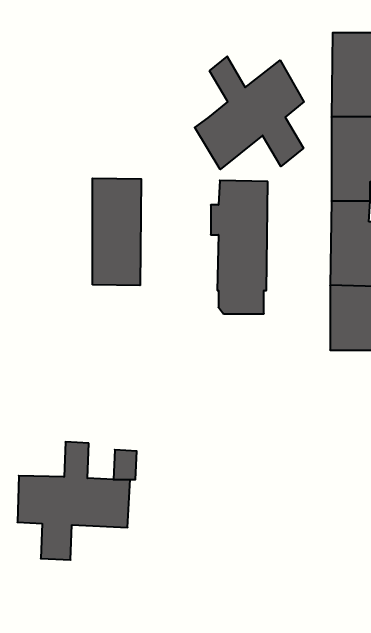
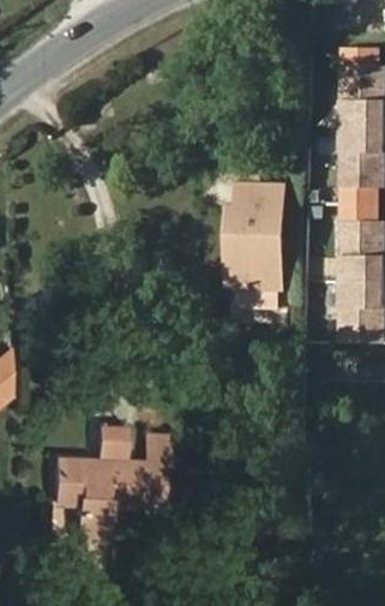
building: [195,56,304,169] -> none
building: [92,178,141,285] -> none

